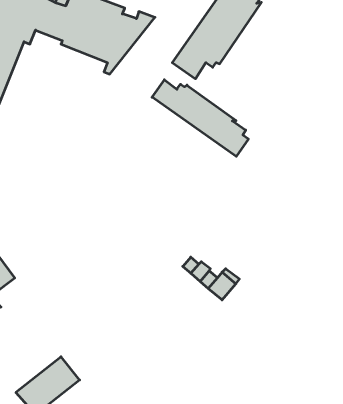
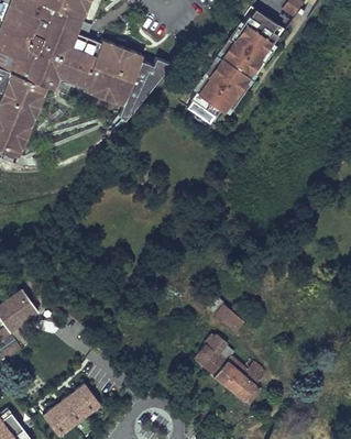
building: [152,80,248,156] -> none
building: none -> [195,333,266,402]

